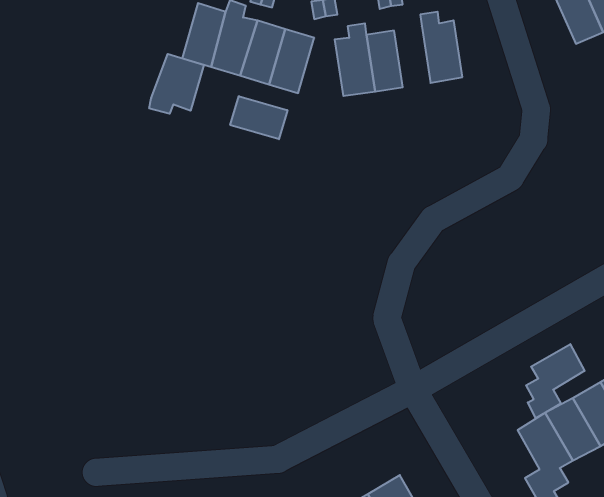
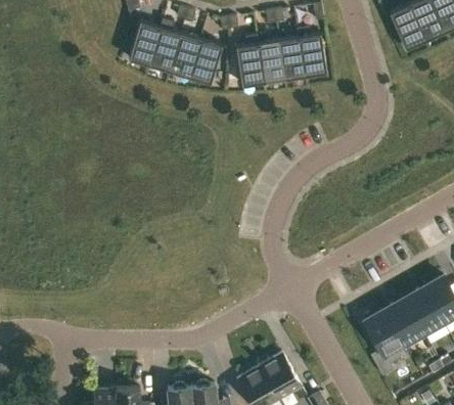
building: none -> [278,37,304,80]
building: [149,54,204,114] -> none
building: [230,96,287,139] -> none
building: [526,344,585,418] -> none

